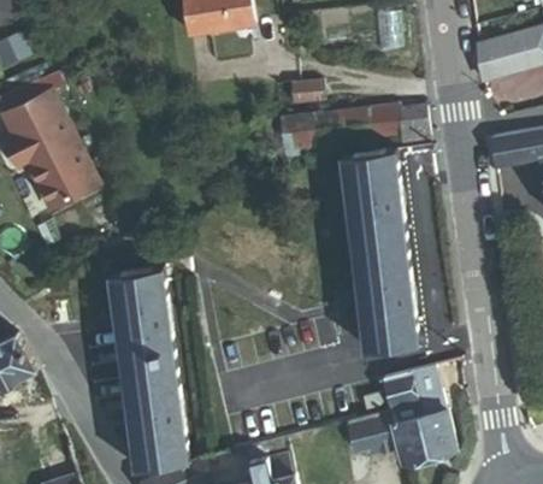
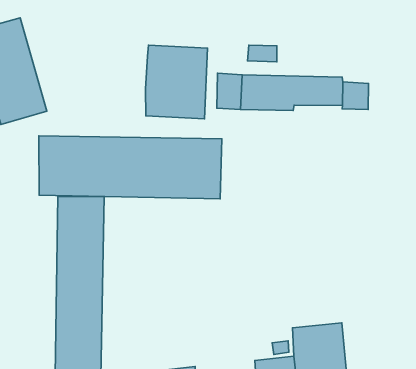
building: none -> [145,45,207,119]
building: [344,150,415,349] -> none
building: none -> [39,136,222,199]

